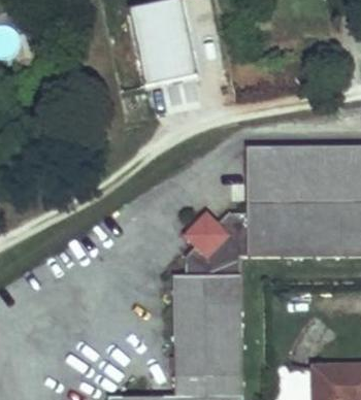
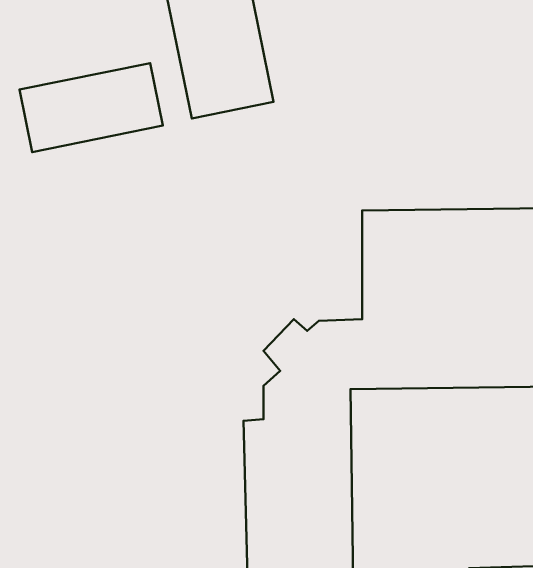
building: none -> [20,63,163,152]

